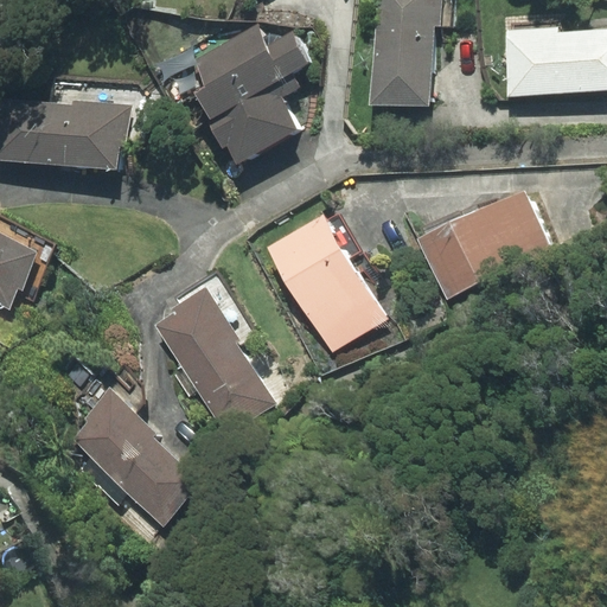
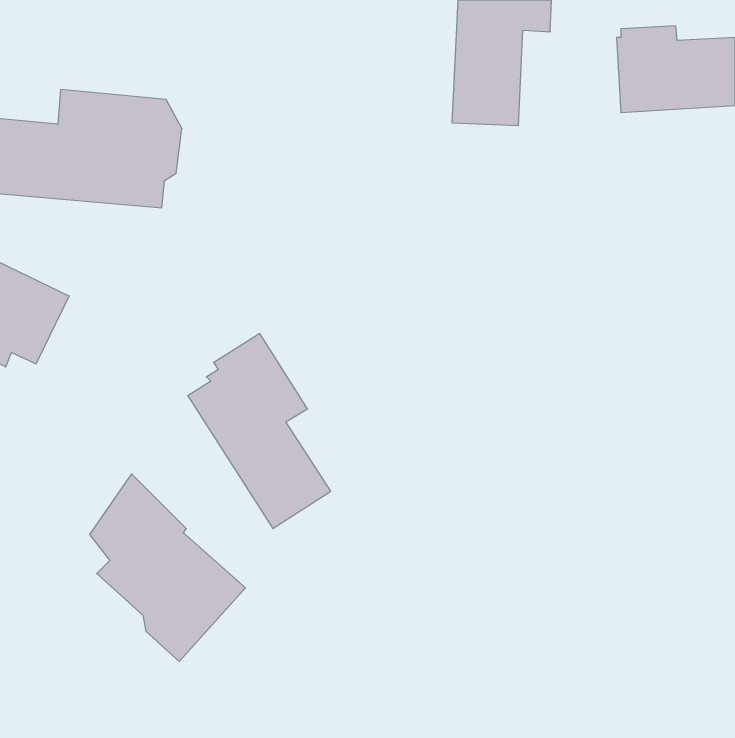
building: [191,26,307,160] -> none
building: [417,193,549,299] -> none
building: [267,213,385,352] -> none

